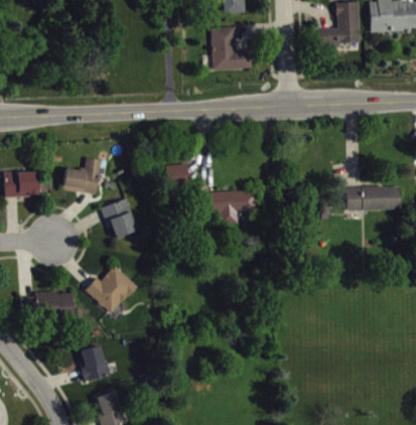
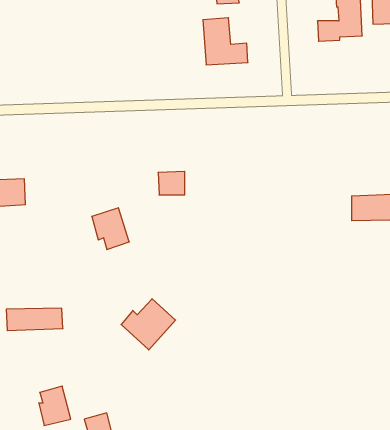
building: [65,160,104,196] -> none
building: [209,192,260,226] -> none
building: [88,268,139,316] -> [121,299,176,350]
building: [82,346,112,384] -> [39,386,71,426]

